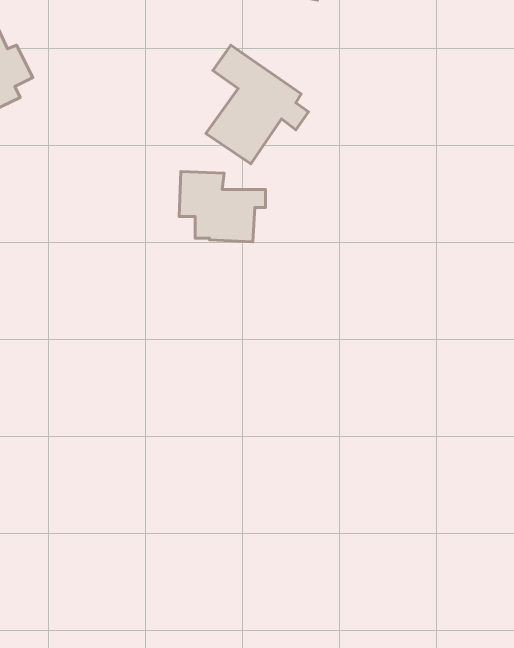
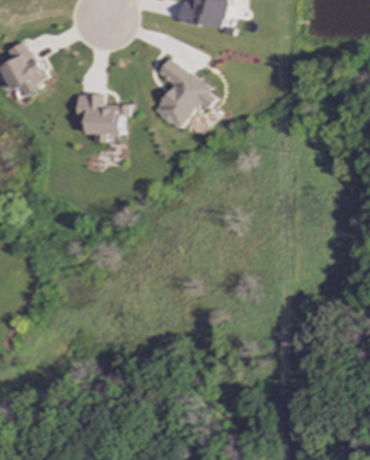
building: [179,172,265,242] -> [76,93,128,136]

